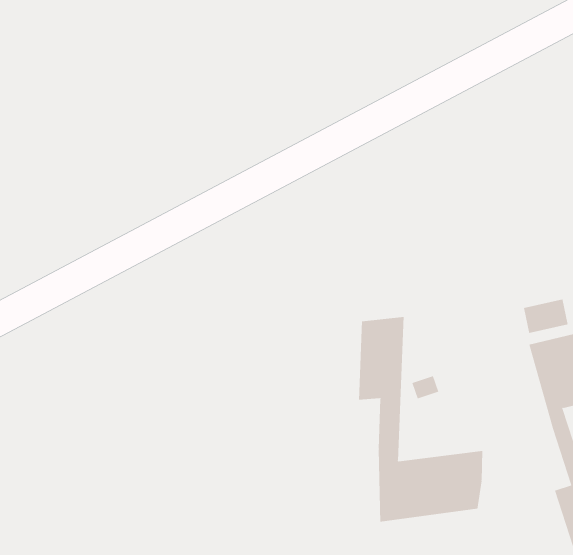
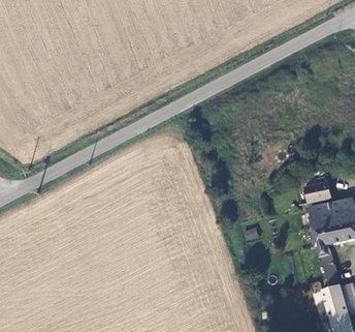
building: [358,316,483,522] -> none

